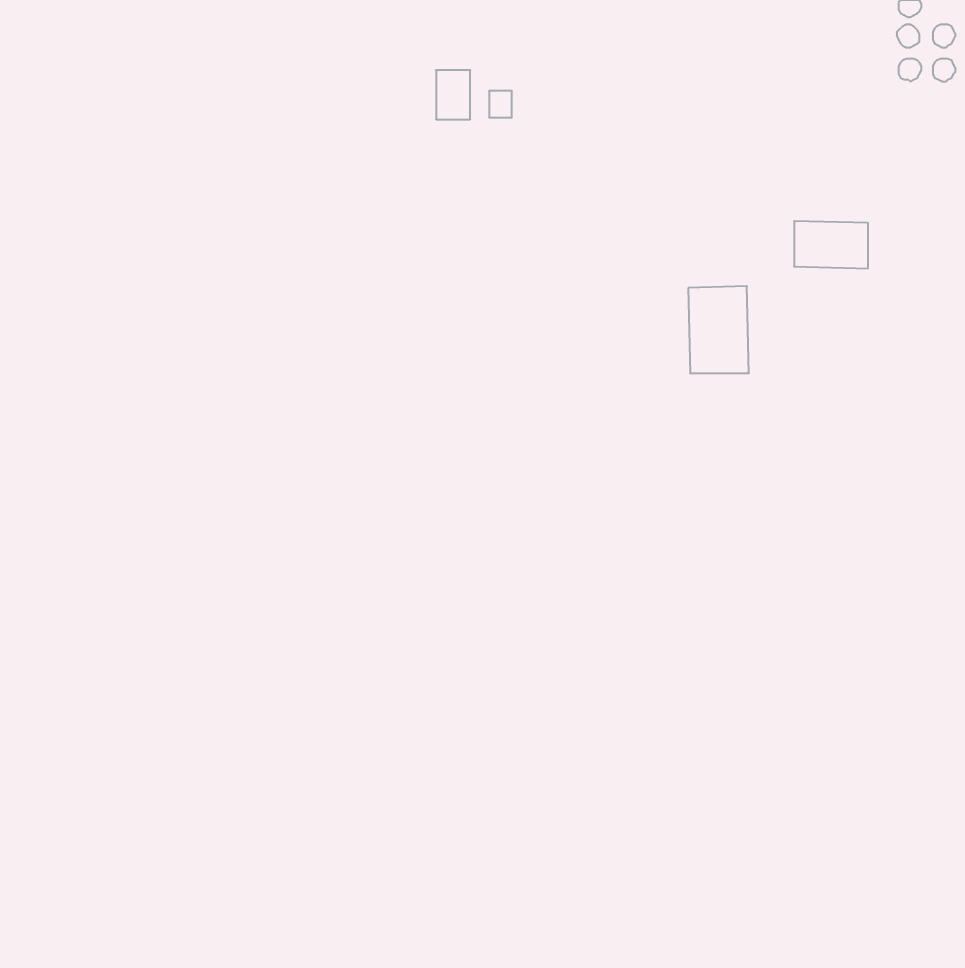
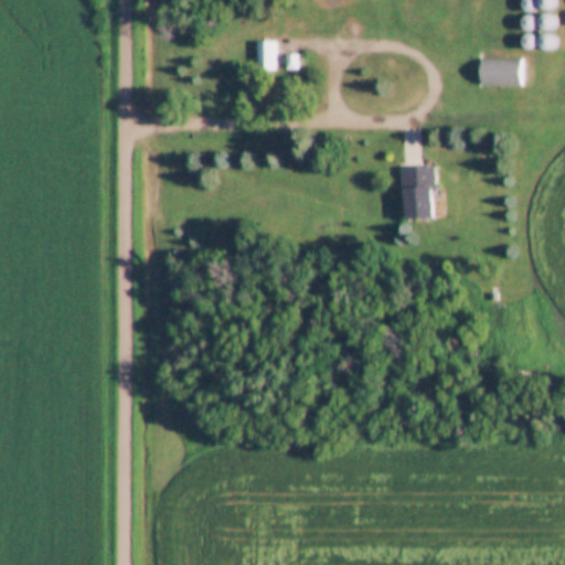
building: [794,221,868,268] -> [479,58,522,86]

